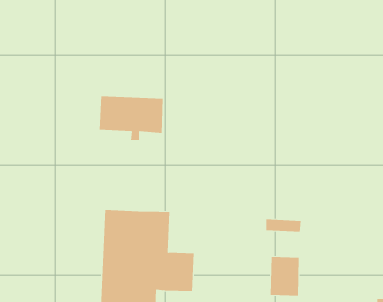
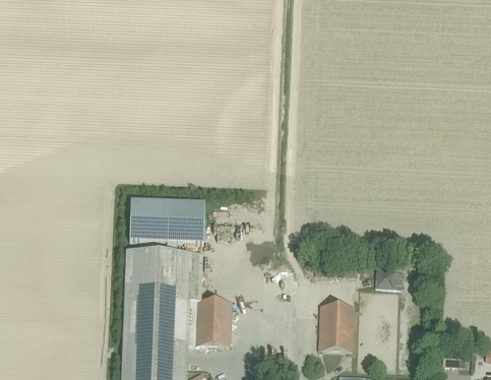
building: [99,96,163,140] -> [130,199,205,251]
building: none -> [374,268,402,289]

